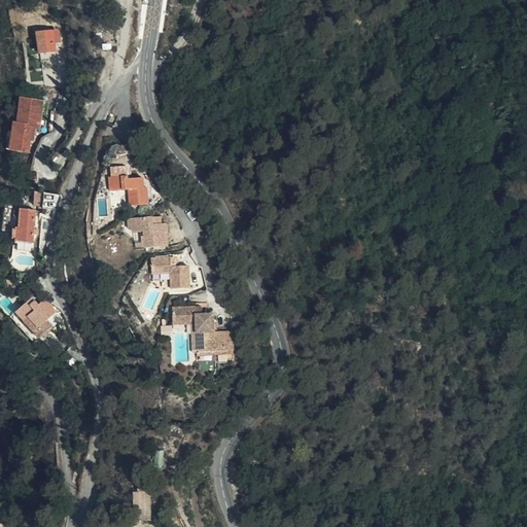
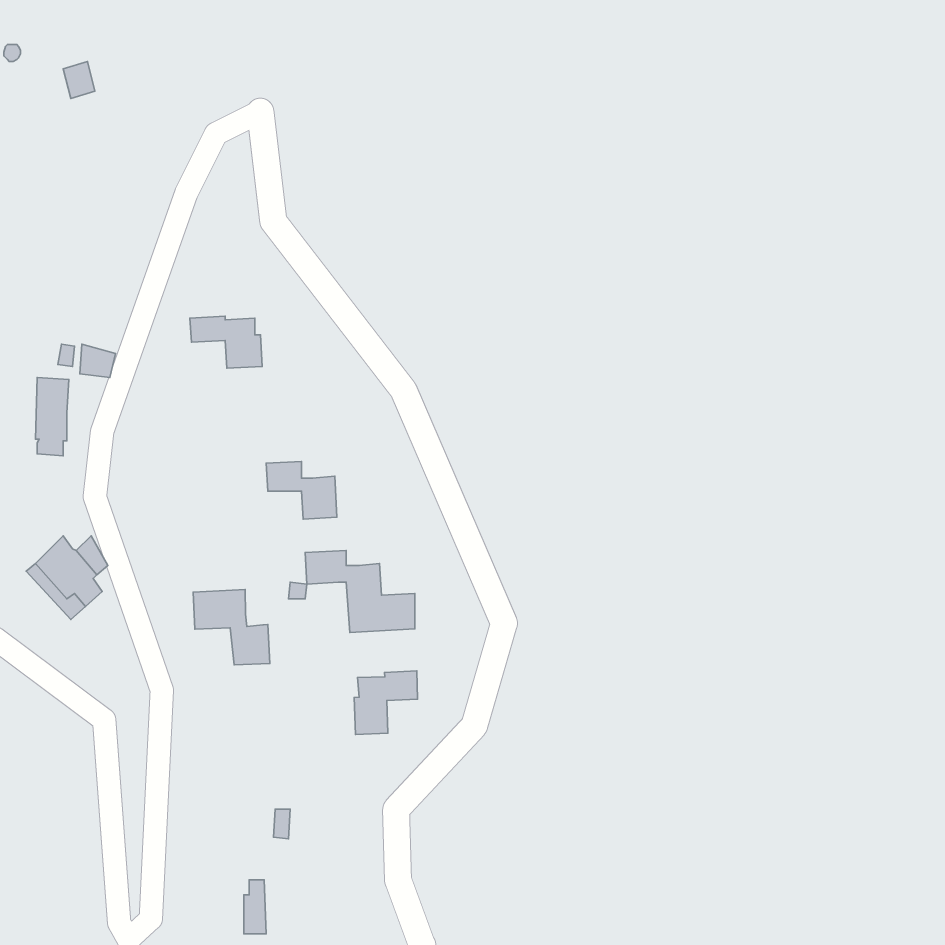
building: [13,101,43,153] -> none
building: [124,215,164,246] -> none
building: none -> [193,589,270,665]
building: none -> [354,671,418,735]

